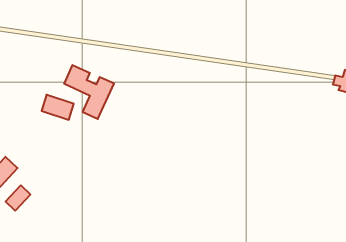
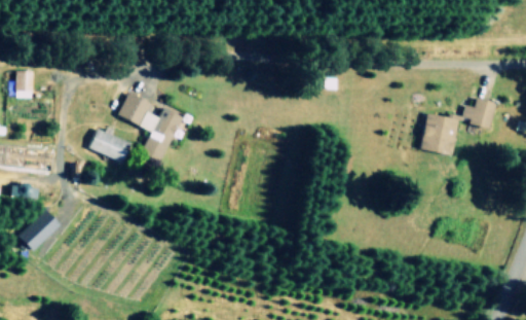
building: none -> [421,113,461,155]
building: [6,185,30,211] -> none

